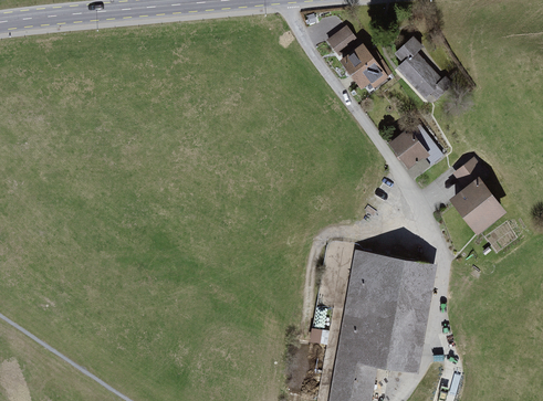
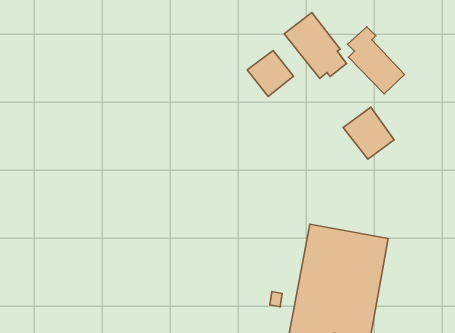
building: none -> [247,51,293,97]
building: [447,157,504,235] -> none

